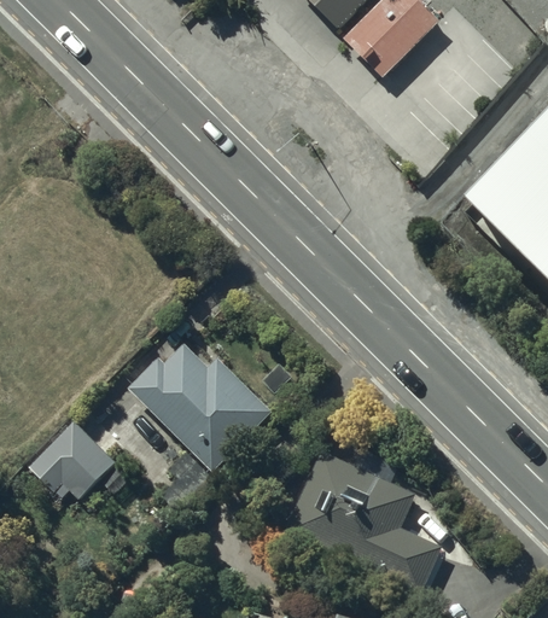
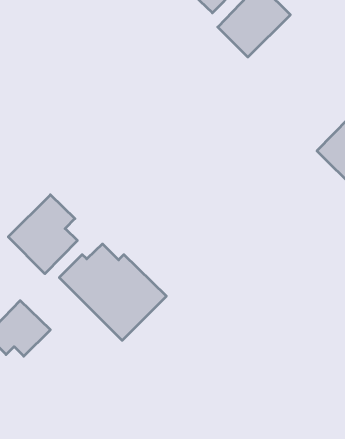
building: none -> [8,195,77,274]
building: [286,449,442,595] -> none

